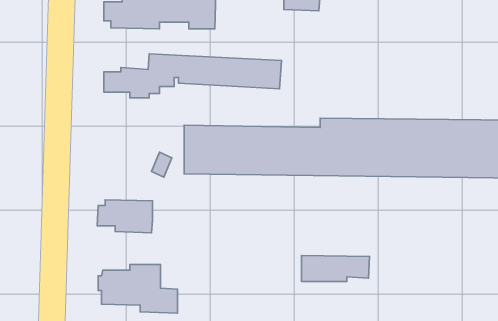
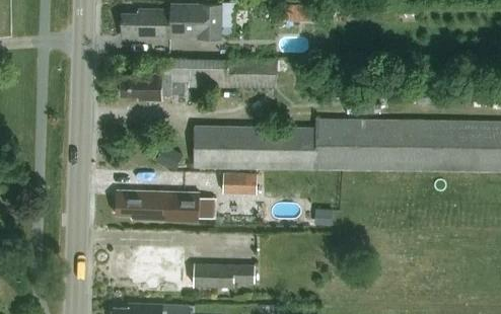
building: none -> [222,174,257,194]
building: none -> [163,192,198,222]
building: [302,255,370,282] -> [193,263,254,287]

